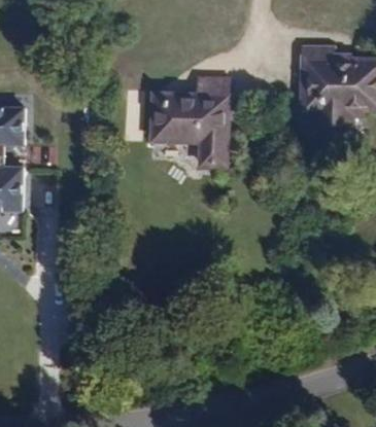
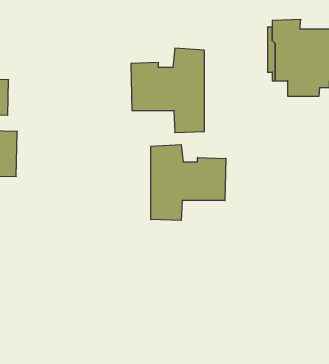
building: none -> [151,145,226,220]

